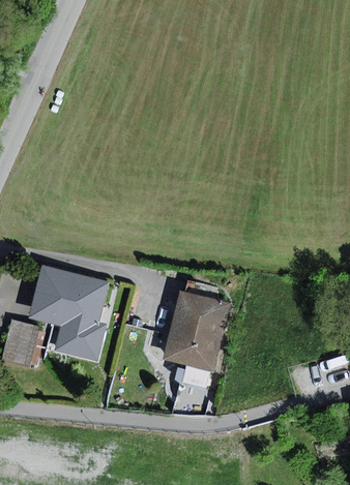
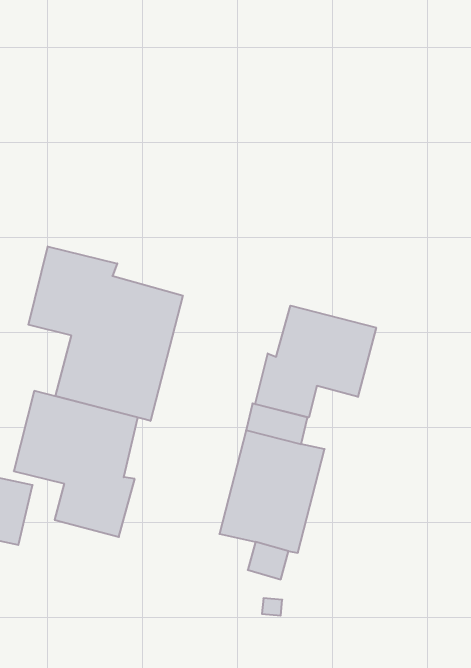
building: none -> [28,246,183,421]
building: none -> [255,306,376,417]

